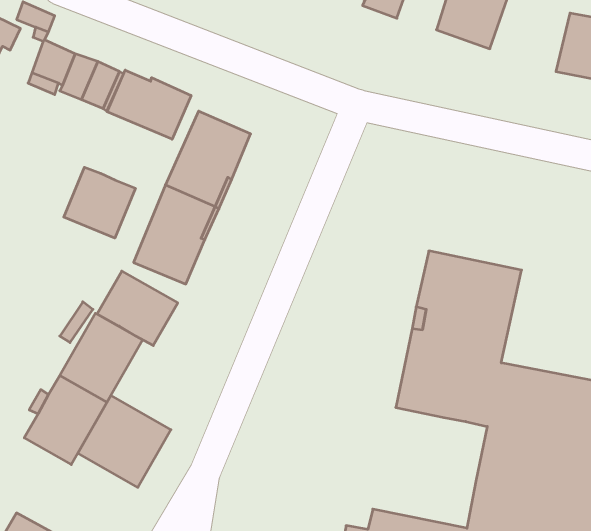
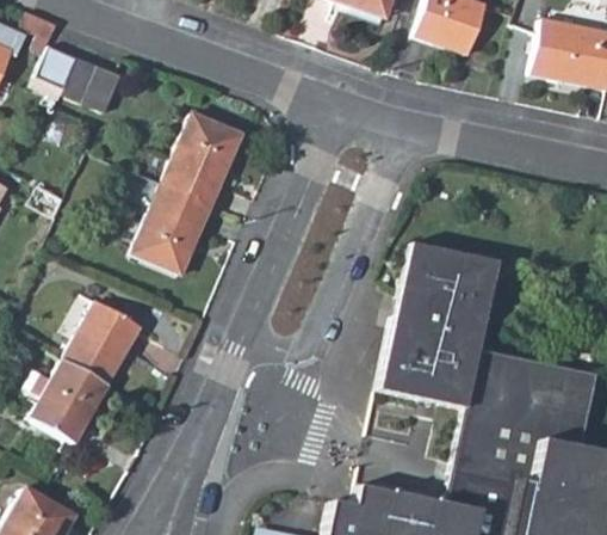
building: [107,70,191,139] -> none
building: [64,167,135,238] -> none
building: [97,271,178,346] -> none
building: [78,396,171,487] -> none

